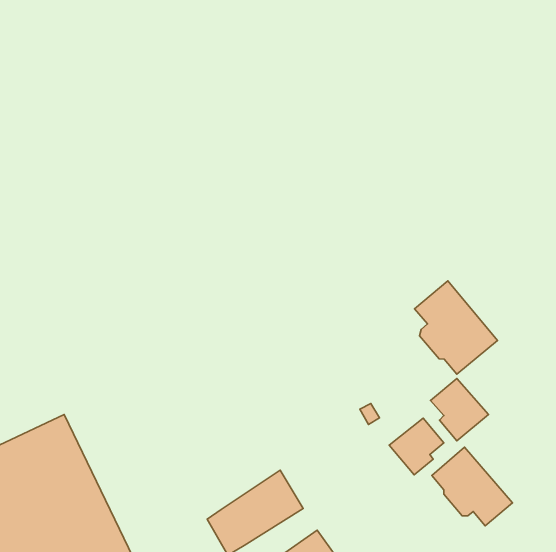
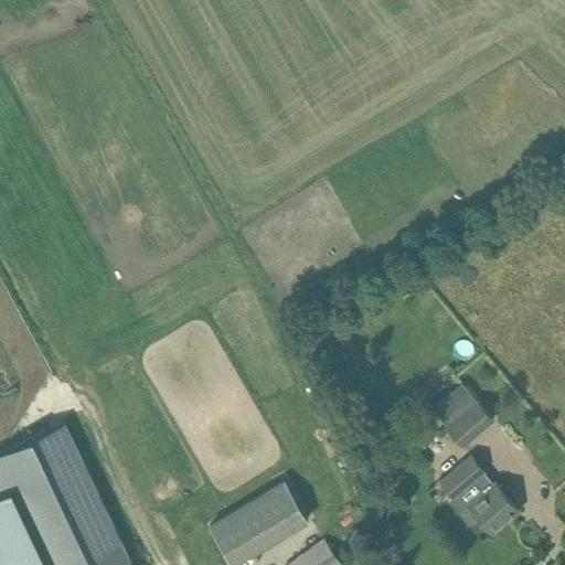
building: [415,281,498,374] -> none
building: [389,418,444,475] -> none

